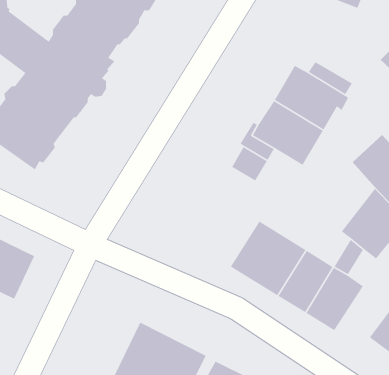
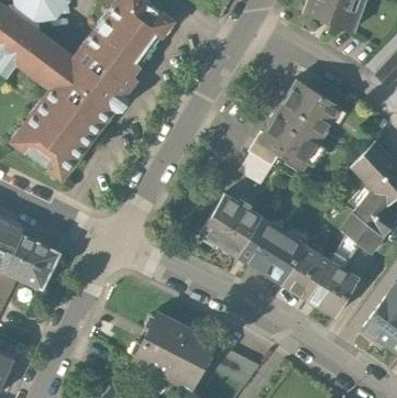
building: none -> [197,196,264,263]

